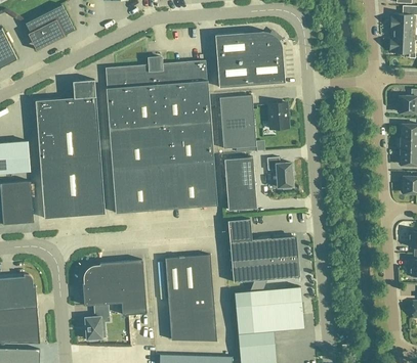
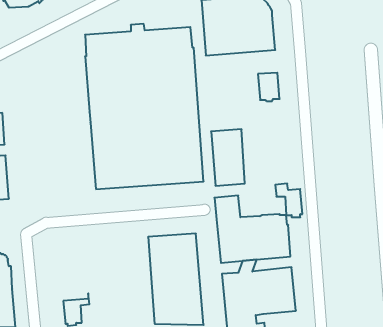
building: [35,80,111,219] -> none
building: [219,95,256,148] -> none
building: [267,157,293,189] -> [275,184,302,217]
building: [83,260,147,315] -> none

